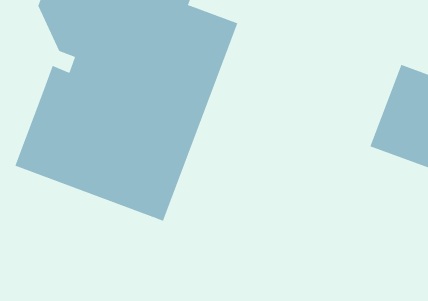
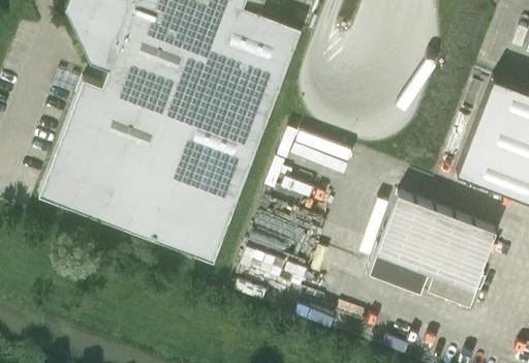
building: none -> [369,194,496,311]

